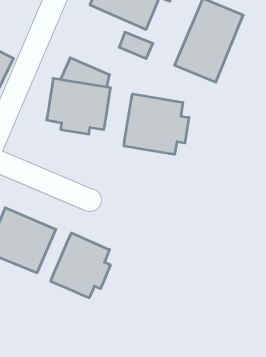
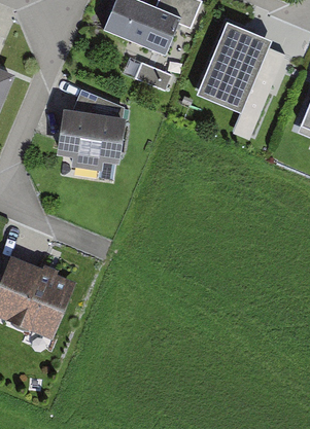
building: [124,94,189,154] -> none
building: [51,233,110,298] -> none

